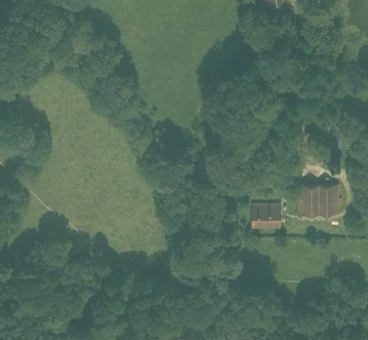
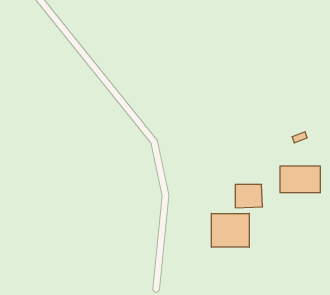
building: none -> [211,213,249,247]

